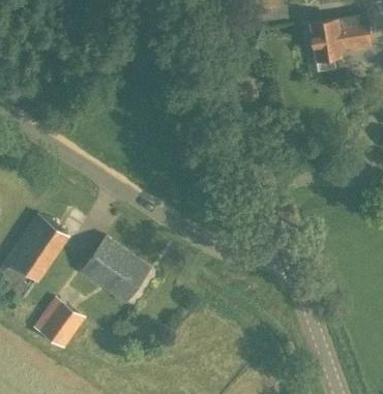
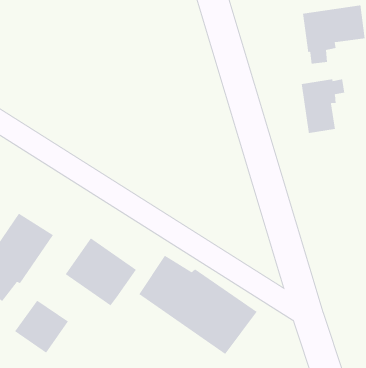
building: none -> [301,78,345,134]
building: none -> [139,255,257,355]

